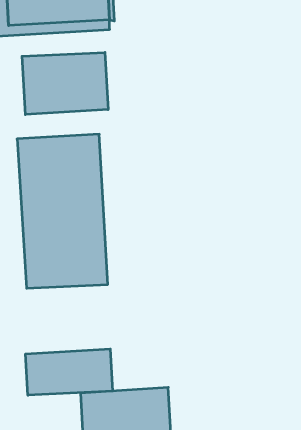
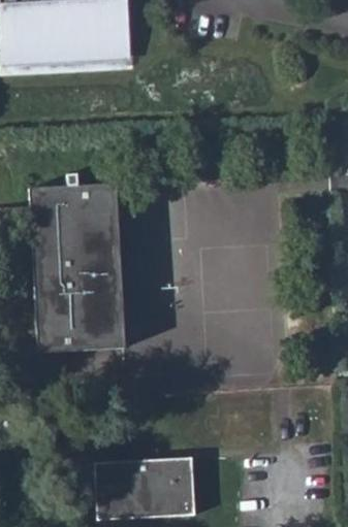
building: [22,52,108,115] -> none
building: [26,349,113,395] -> none

